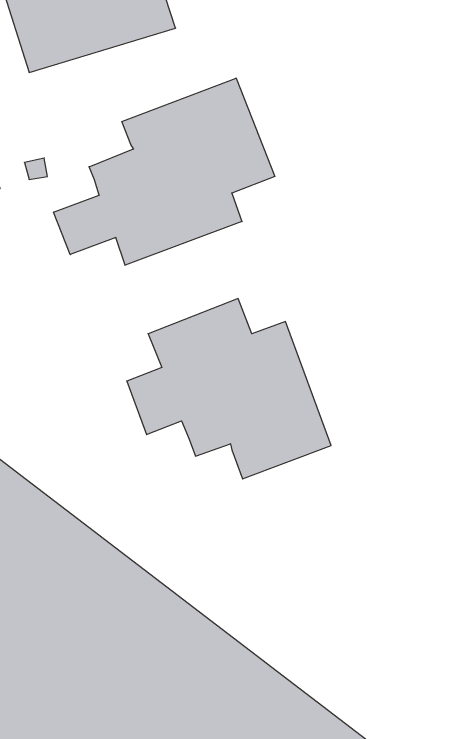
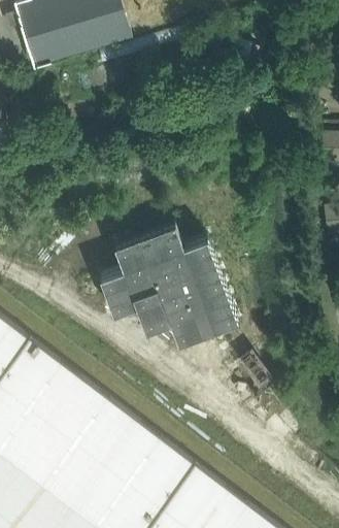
building: [54,78,275,265] -> none

